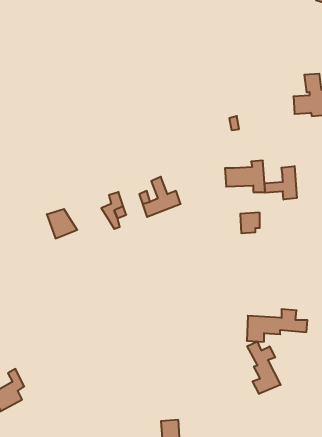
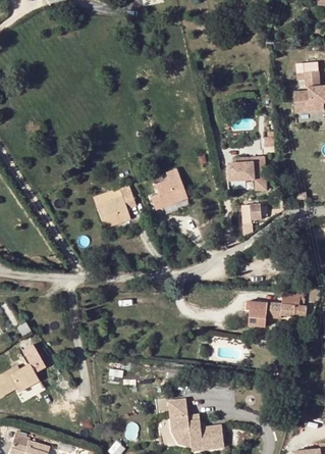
building: [265,166,297,200] -> none
building: [47,209,77,238] -> [96,200,124,228]
building: [247,341,281,394] -> none

